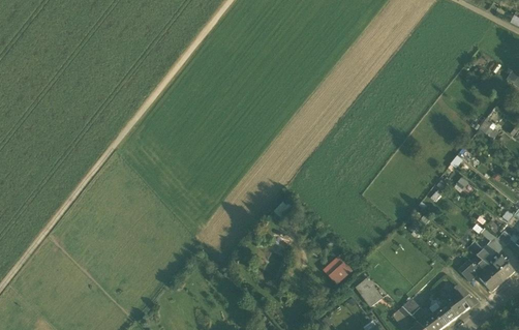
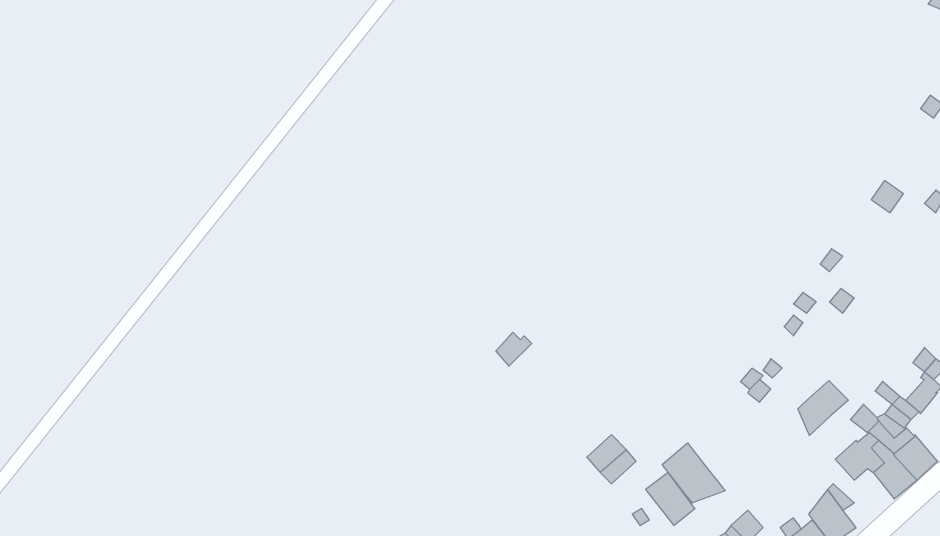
building: none -> [798,381,848,436]
building: none -> [662,443,725,503]

